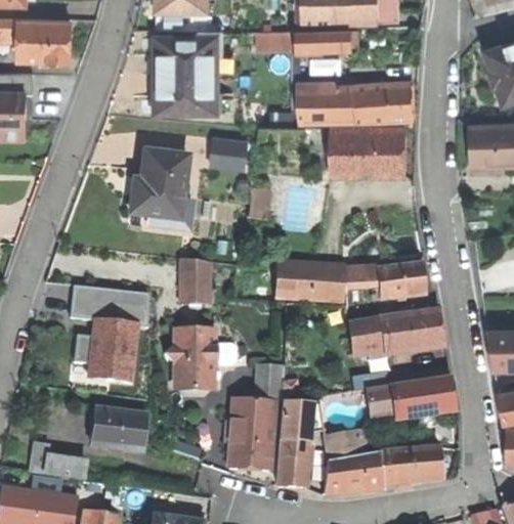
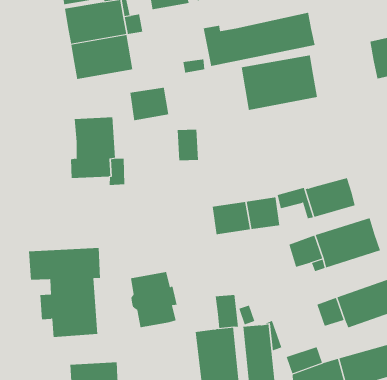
building: [181,259,211,304] -> none

